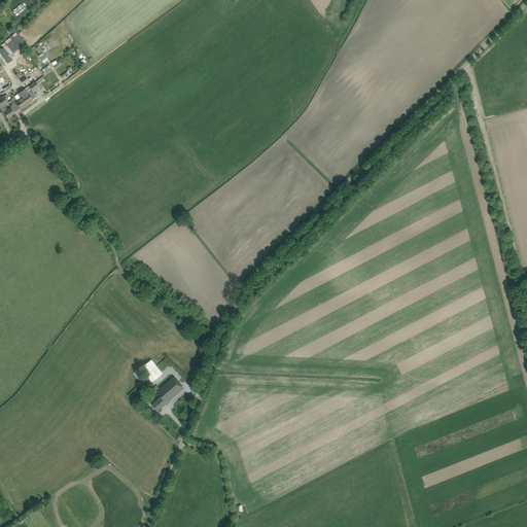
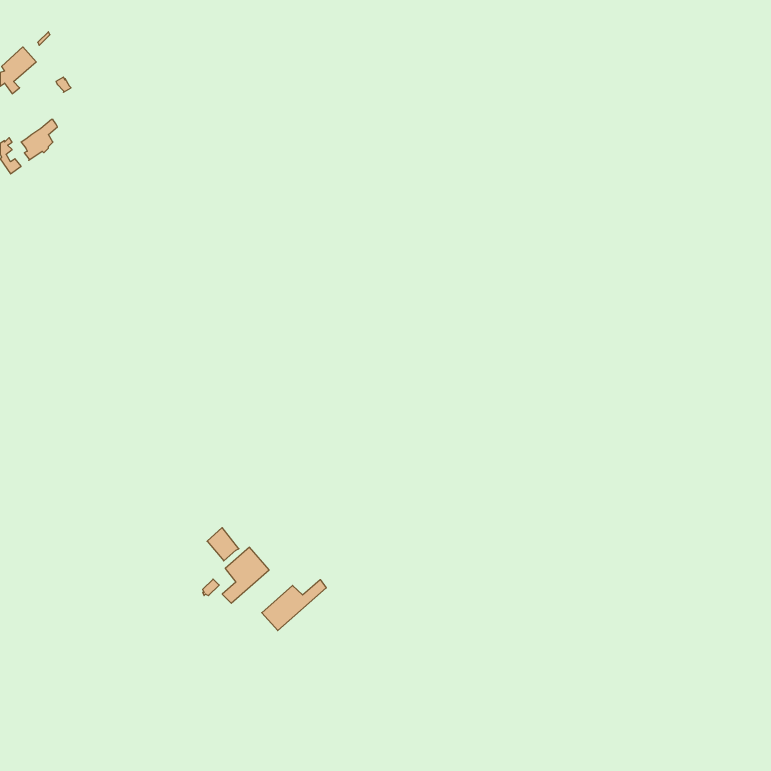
building: none -> [262,580,326,631]

